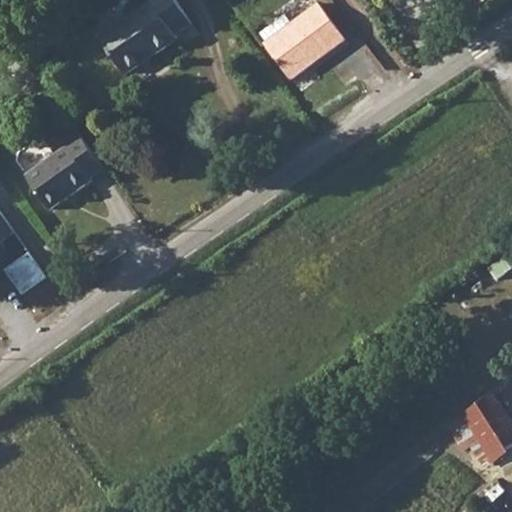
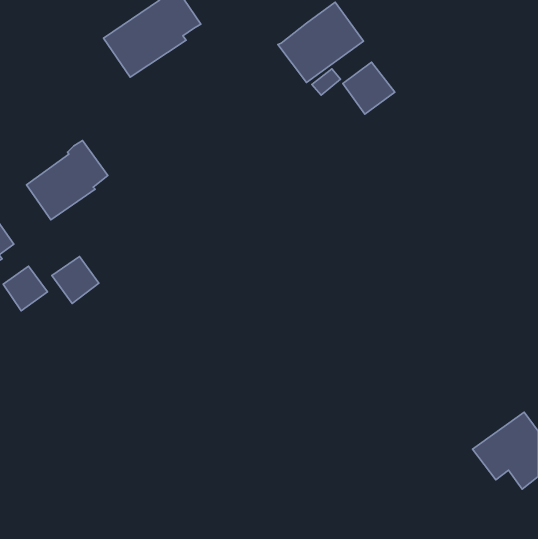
building: none -> [343,62,395,114]
building: none -> [52,256,99,304]

